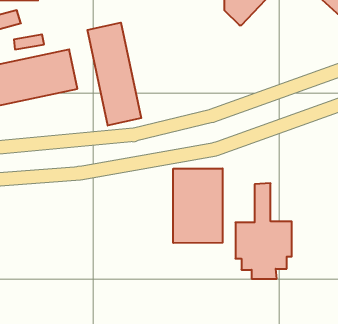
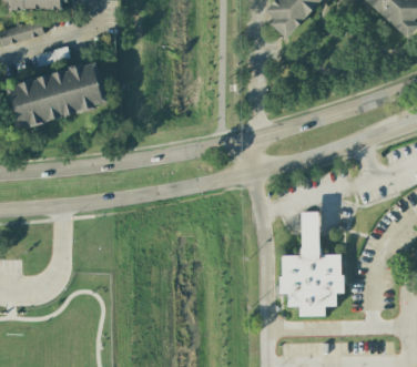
building: [87,23,141,126] -> none
building: [173,168,223,243] -> none

